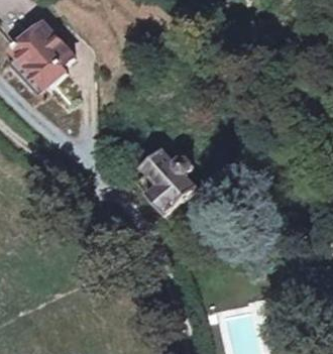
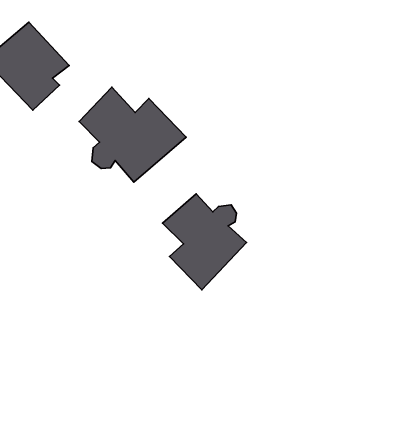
building: none -> [79,87,186,182]

